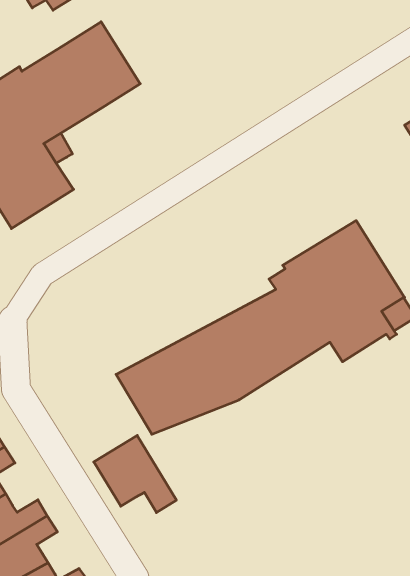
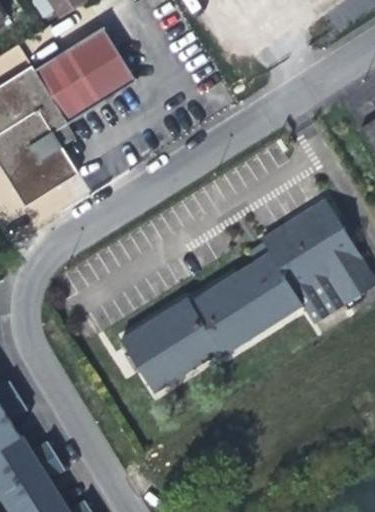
building: [94,435,176,513] -> none

